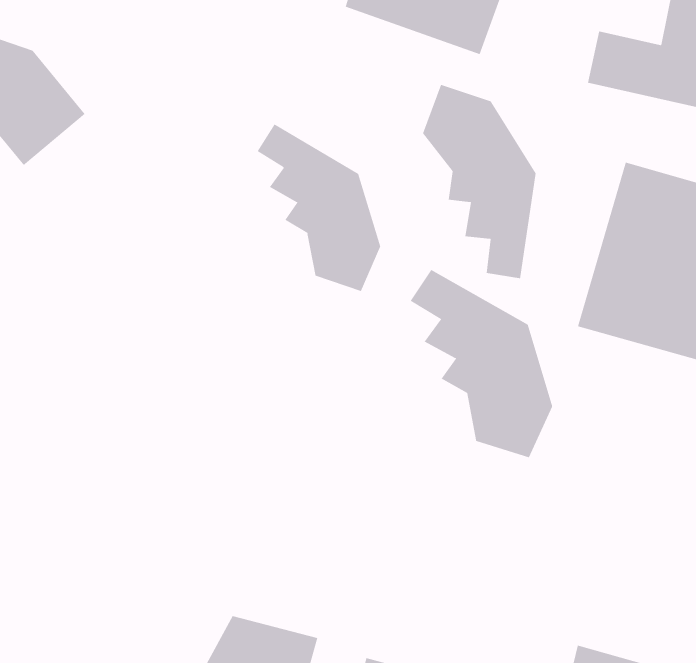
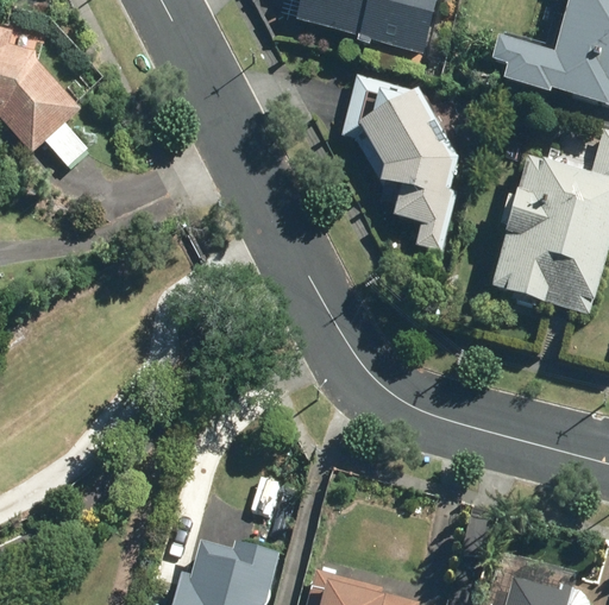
building: [257,123,381,292] -> none
building: [410,269,553,458] -> none

